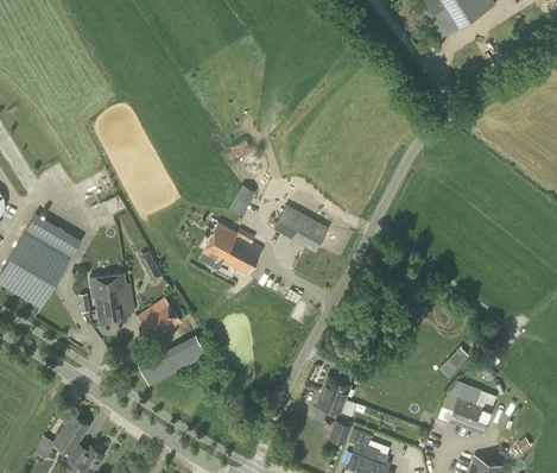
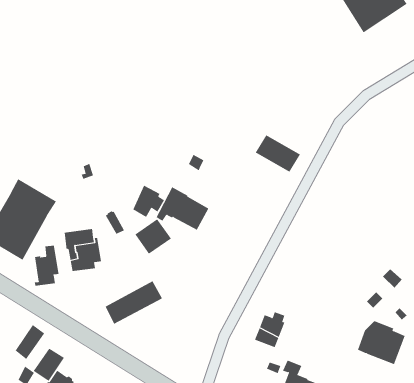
building: [273,207,328,252] -> [255,134,301,173]
building: none -> [133,185,165,218]
building: none -> [34,245,59,287]
building: [137,297,181,340] -> [135,218,172,254]
building: none -> [15,324,45,360]

